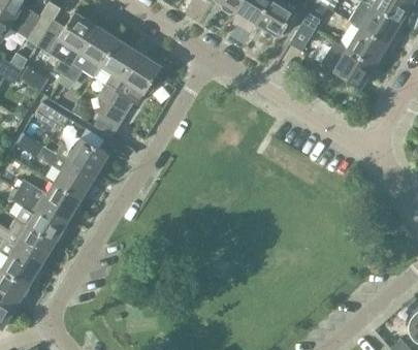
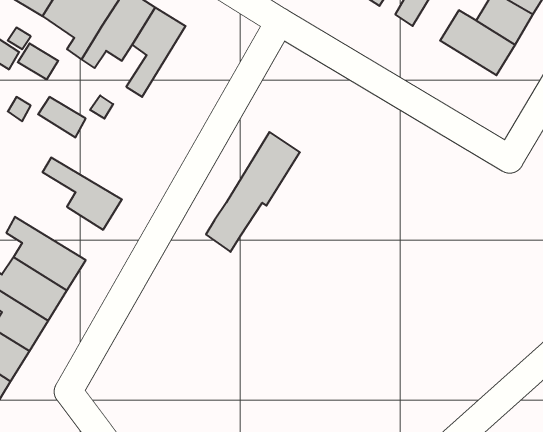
building: [94,53,161,138] -> [206,132,300,252]
building: [56,138,108,177] -> none
building: [18,180,81,220] -> none

